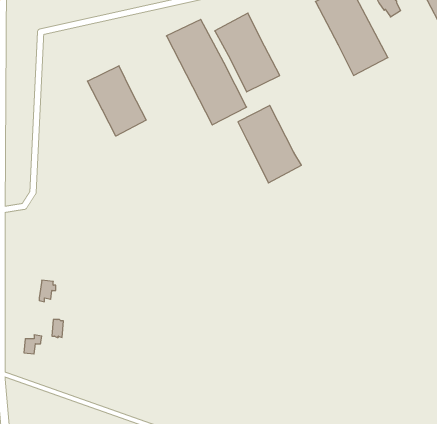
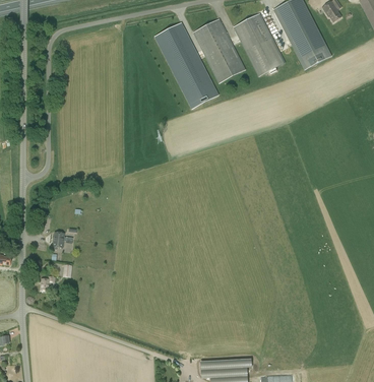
building: [87,66,146,136] -> none
building: [238,105,301,183] -> [234,13,285,75]

